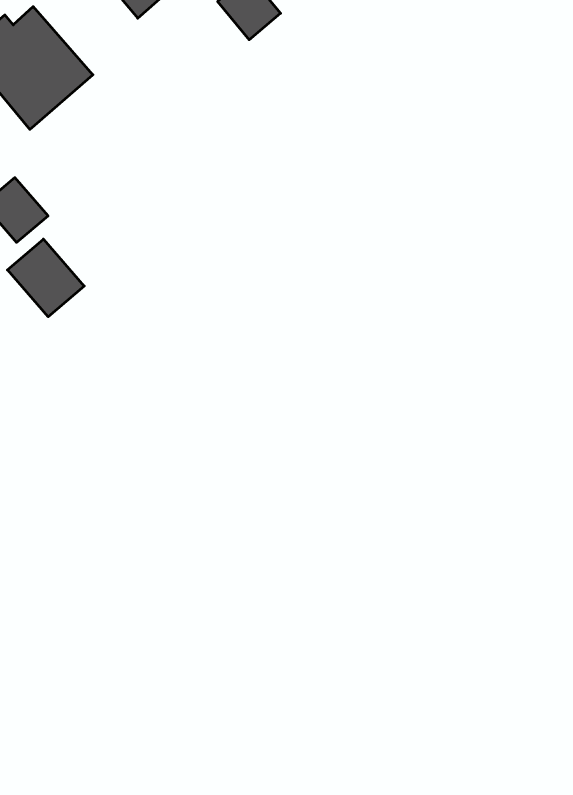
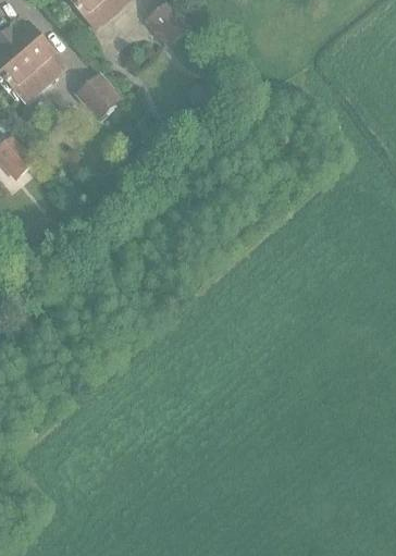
building: none -> [77,74,120,118]
building: [7,239,84,317] -> none

